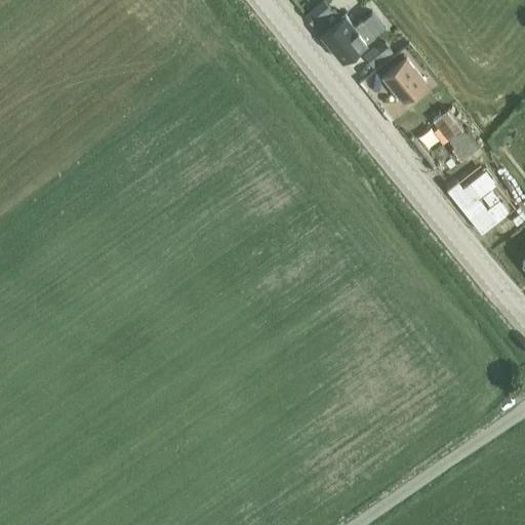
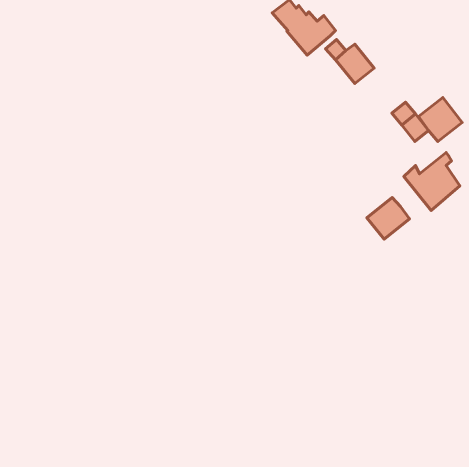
building: none -> [419,98,462,141]
building: none -> [367,197,409,239]

